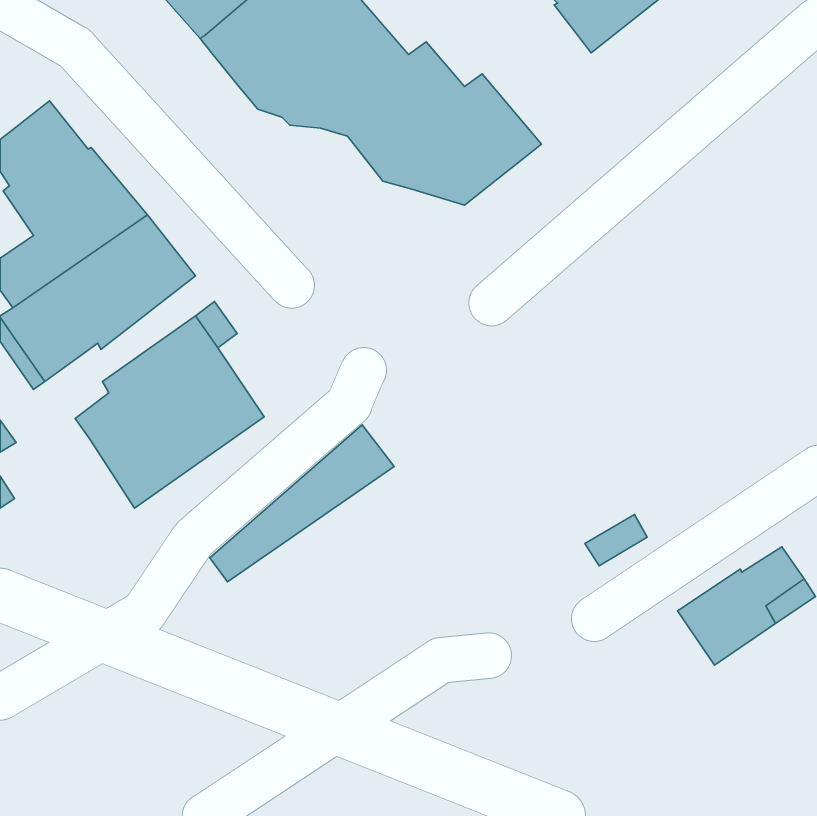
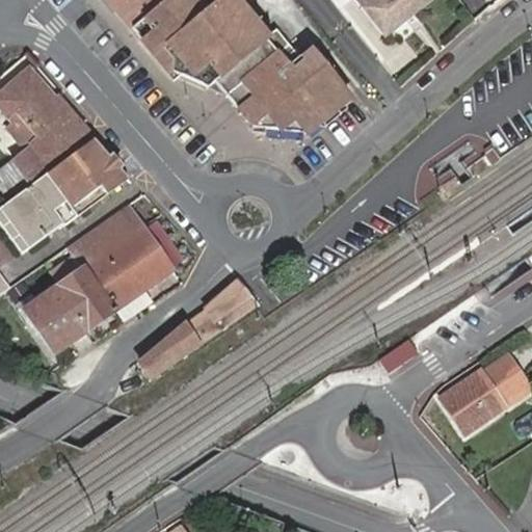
building: none -> [23,285,88,354]

